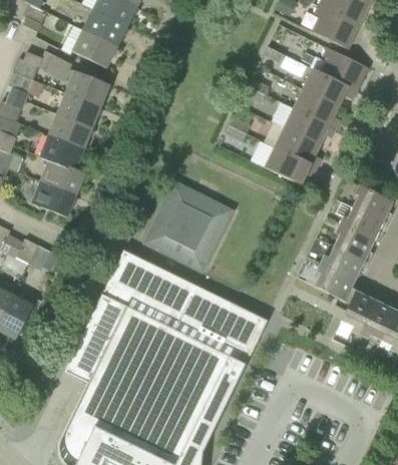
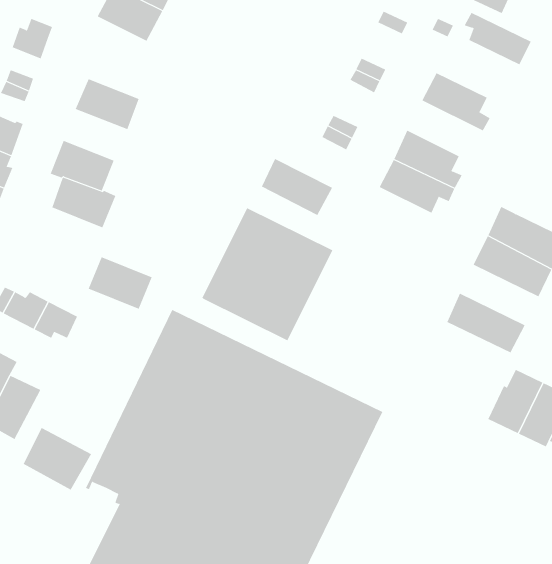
building: [47,54,110,106] -> none
building: [304,66,361,105] -> none
building: [284,107,336,145] -> none
building: [49,113,93,148] -> none
building: none -> [261,158,333,216]
building: [32,180,76,216] -> [88,257,153,310]
building: [320,219,374,261] -> none
building: [301,259,358,303] -> none
building: none -> [23,427,92,491]

